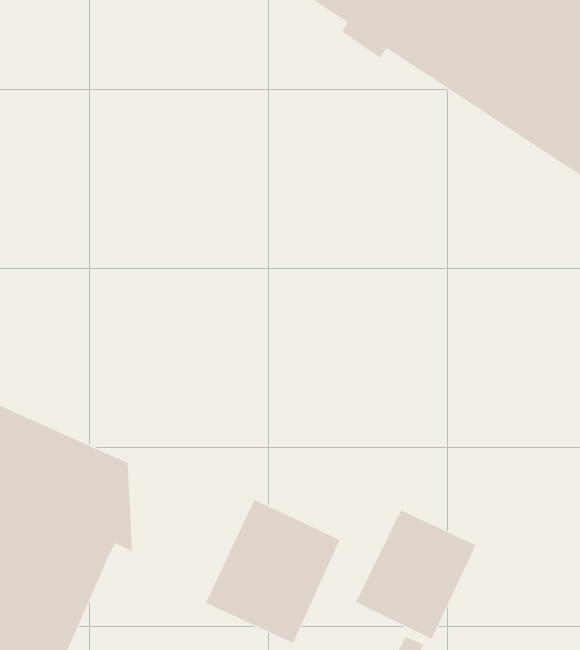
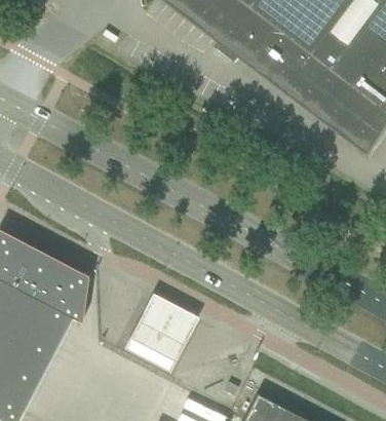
building: [355,509,476,639] -> none

